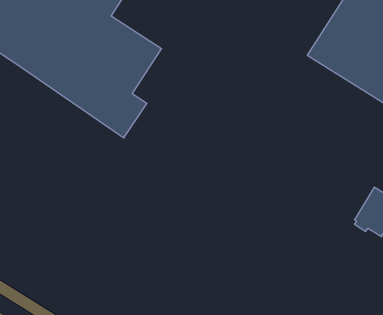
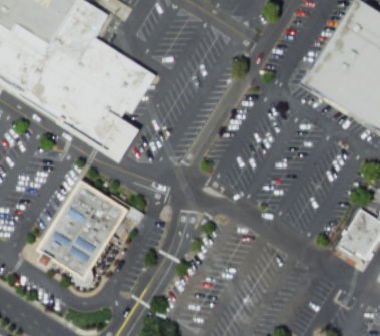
building: none -> [40,185,131,285]

